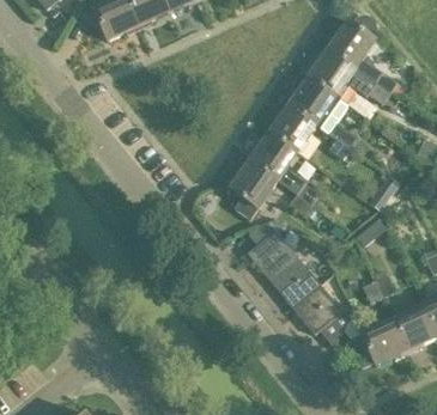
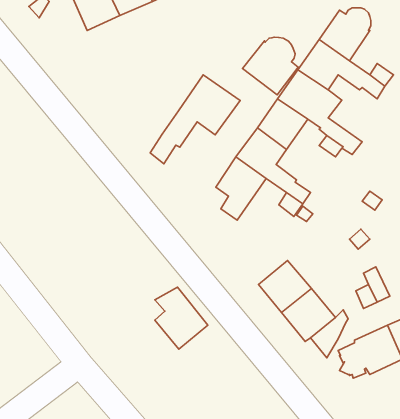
building: none -> [242,37,298,95]
building: none -> [150,75,240,164]
building: [247,220,297,279] -> [155,287,208,349]

